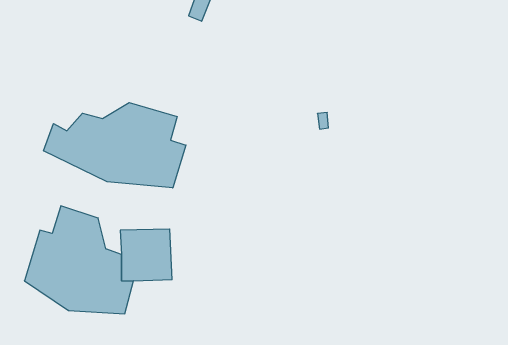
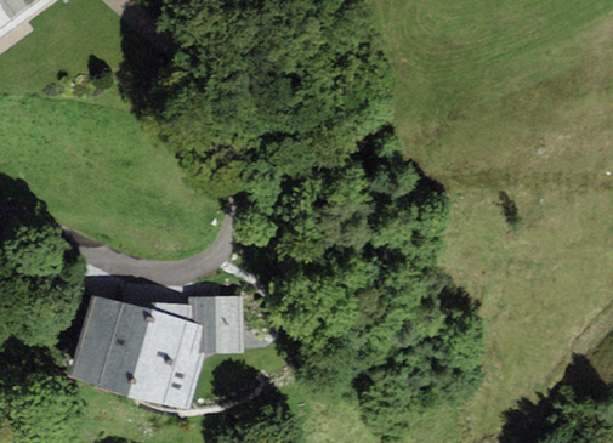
building: [44,103,186,188] -> none

